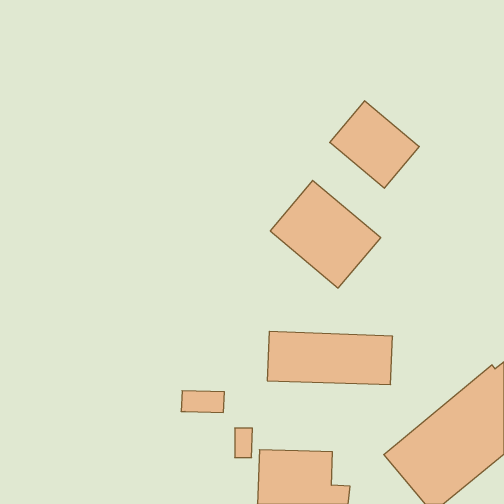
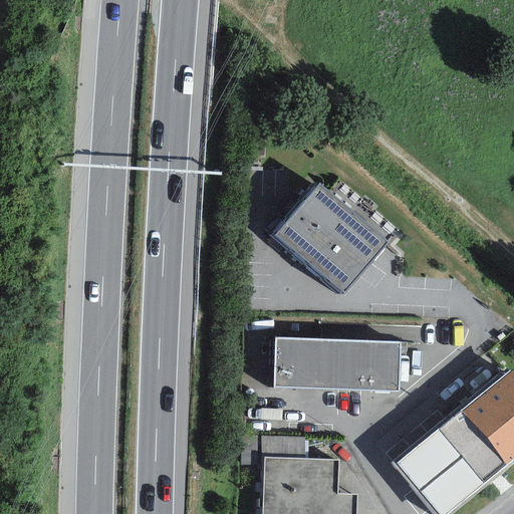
building: [330,101,419,188] -> none
building: [181,391,224,412] -> [260,437,304,459]

